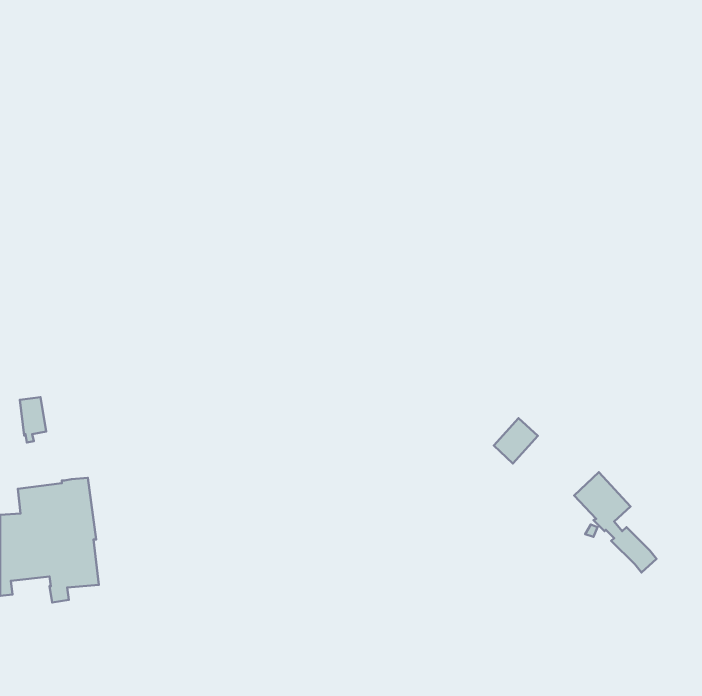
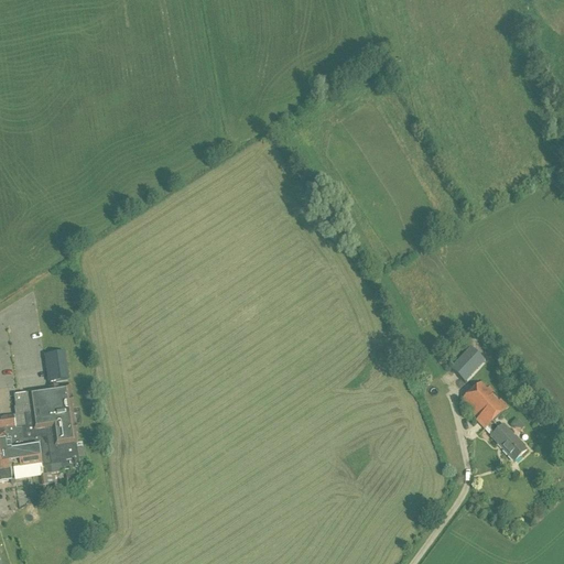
building: [20,397,46,442] -> [46,349,67,386]
building: [494,418,538,463] -> [449,344,485,380]

